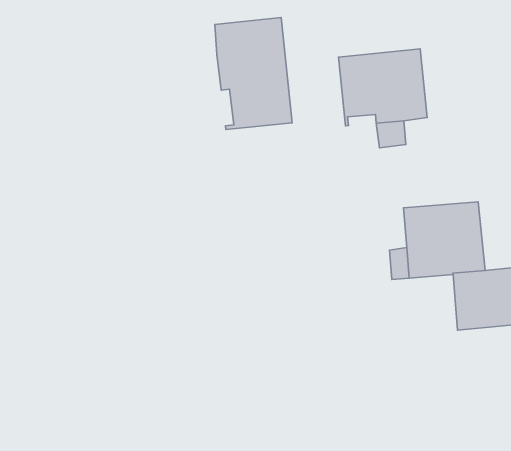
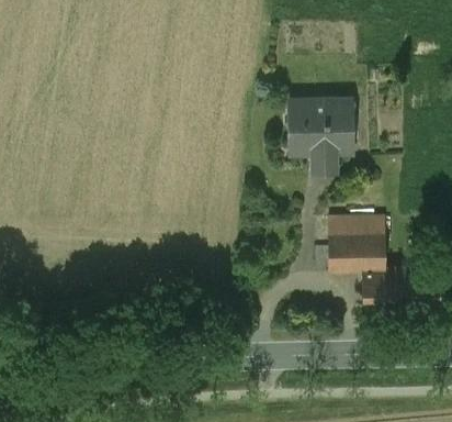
building: [215,18,292,130] -> none

